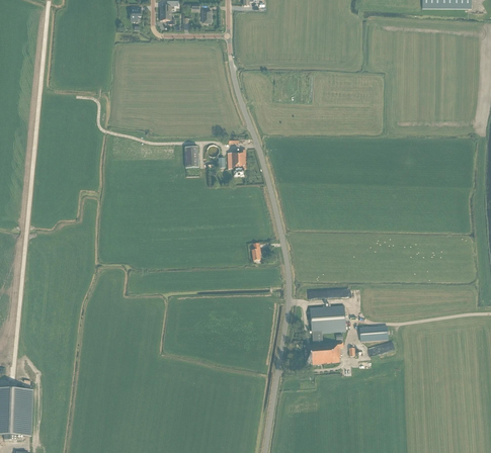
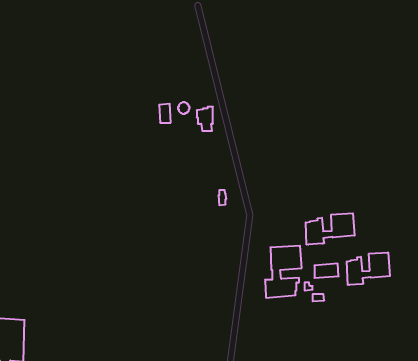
building: none -> [306,213,355,245]
building: none -> [347,252,390,285]

